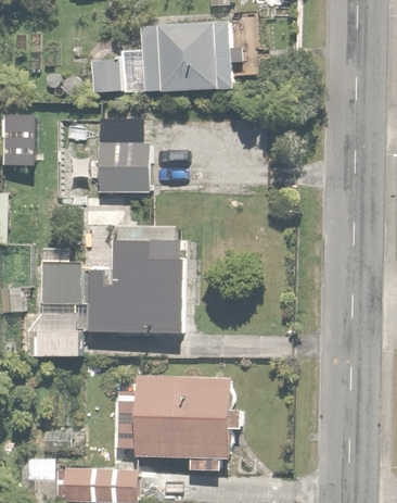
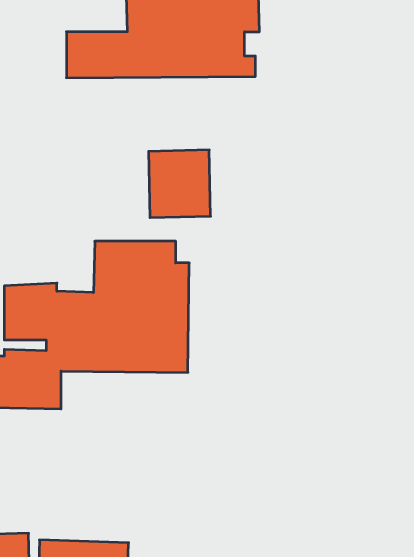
building: [99,140,149,194] -> [149,150,211,218]
building: [116,375,242,469] -> none

